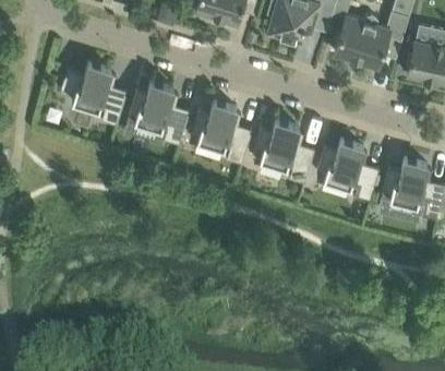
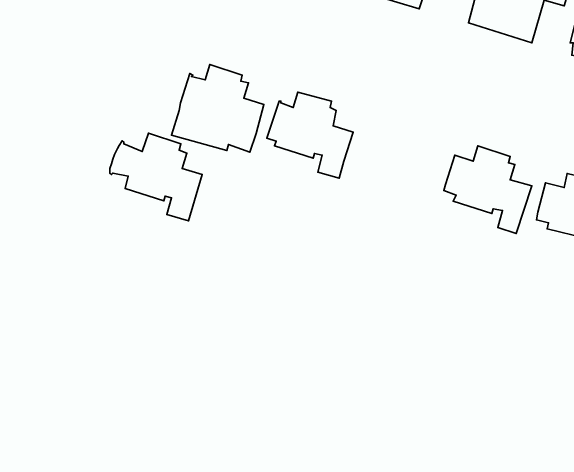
building: [62,60,128,122] -> [110,133,202,221]
building: [254,118,315,180] -> none

